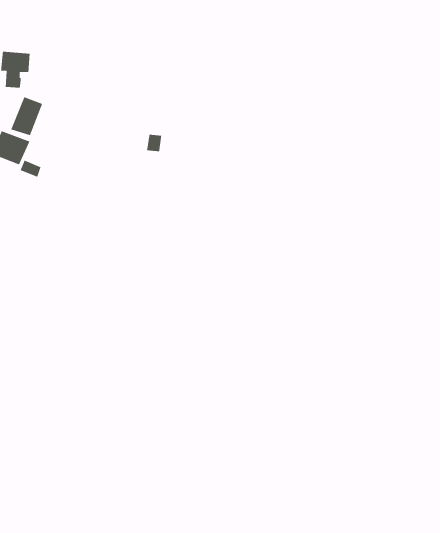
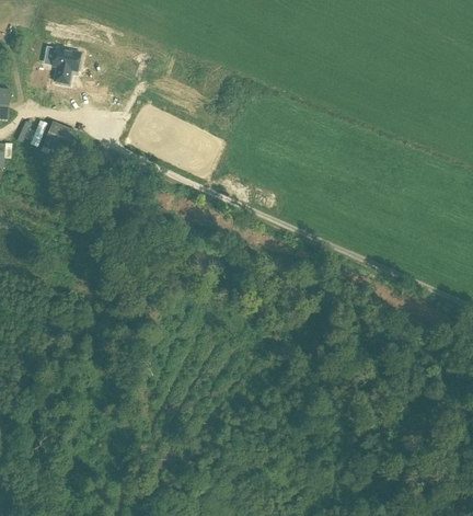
building: [10,96,43,136] -> none

